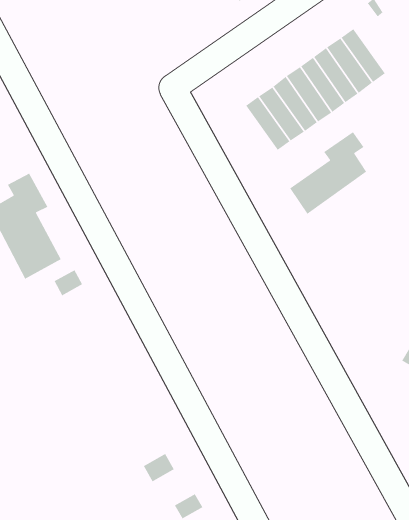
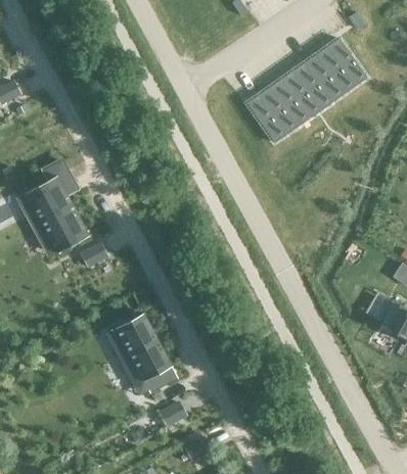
building: [289,131,367,215] -> none
building: none -> [111,312,174,389]

